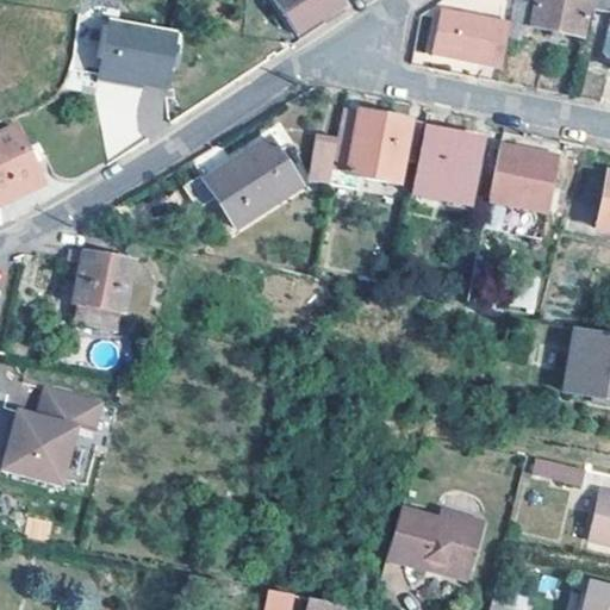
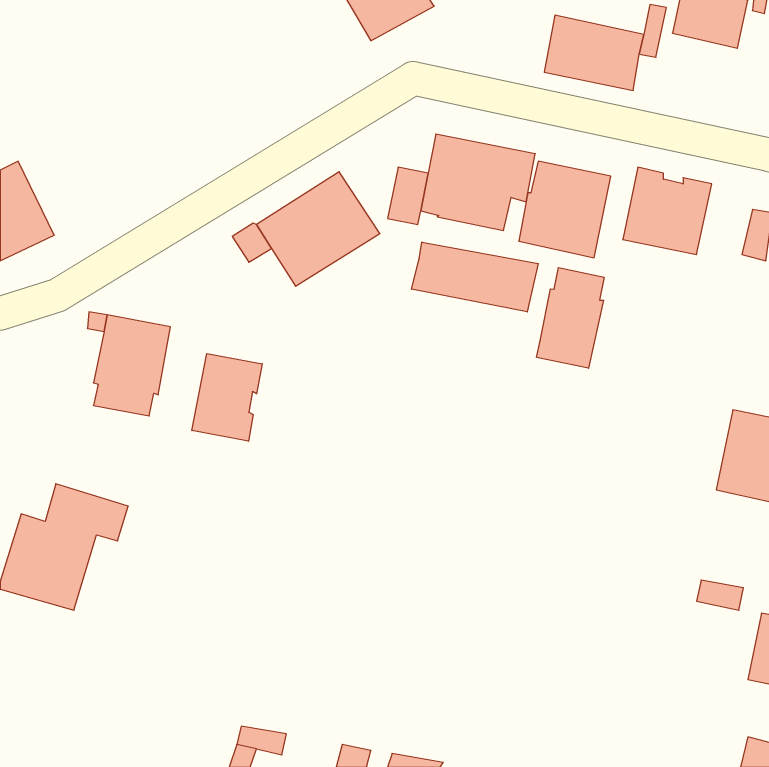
building: [99,29,169,93] -> none
building: none -> [412,242,538,312]
building: none -> [537,268,604,368]
building: none -> [192,354,262,441]
building: [388,504,485,580] -> none

